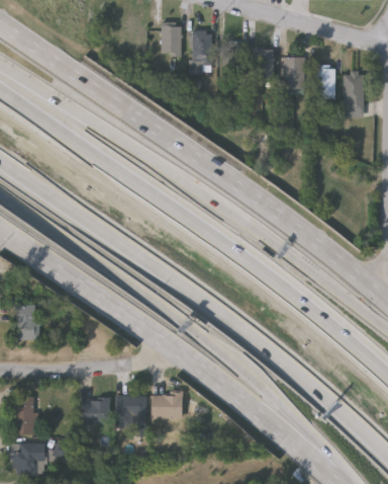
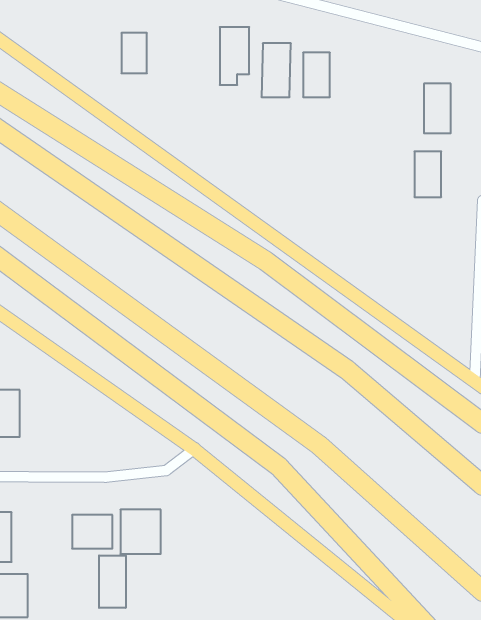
building: [162,25,181,56] -> [121,33,147,73]
building: [284,58,304,88] -> none
building: [314,65,334,99] -> [414,151,441,197]
building: [151,394,181,418] -> none
building: none -> [99,555,126,608]

